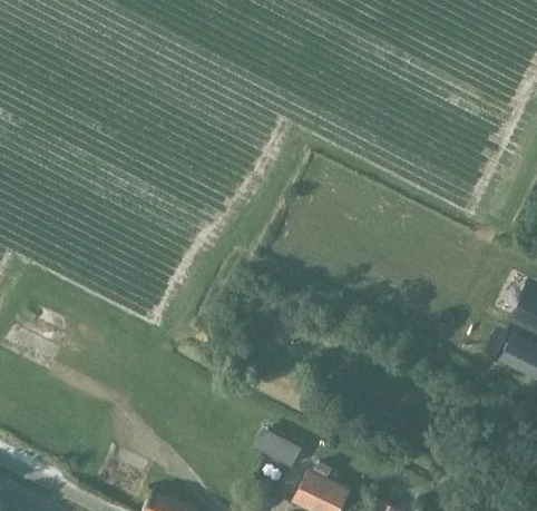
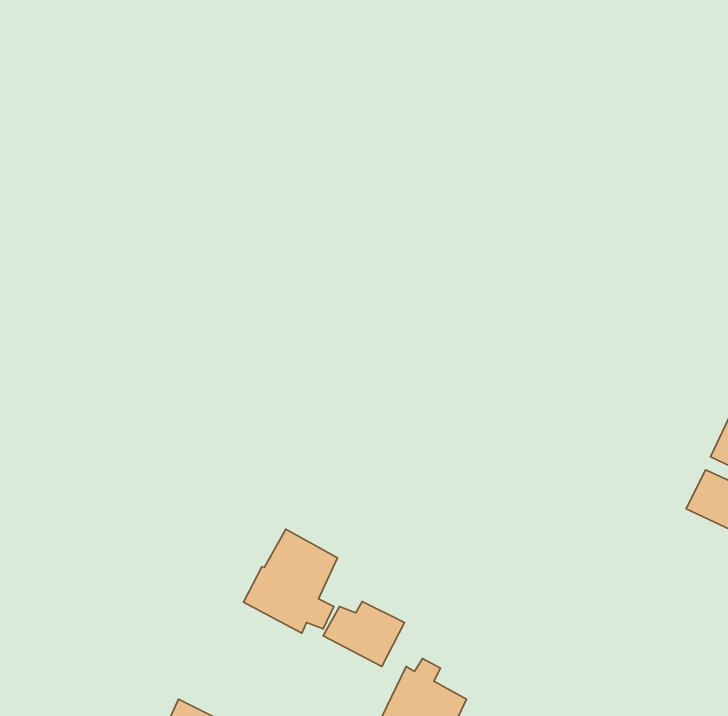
building: none -> [244,529,338,633]

